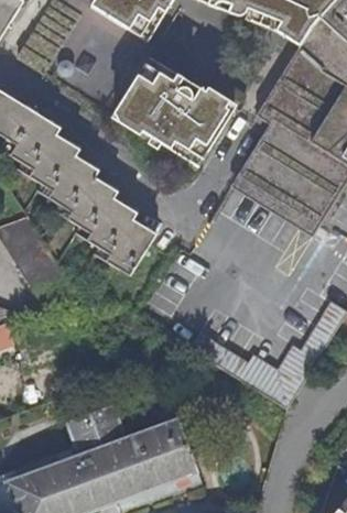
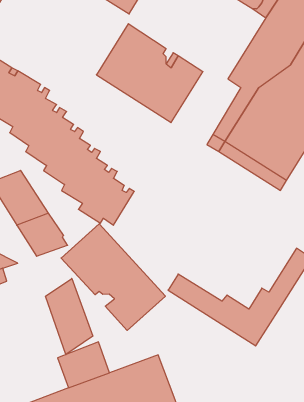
building: none -> [61,224,165,330]
building: none -> [45,278,93,355]

